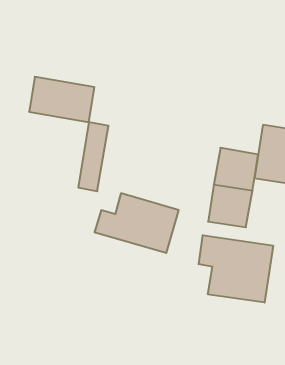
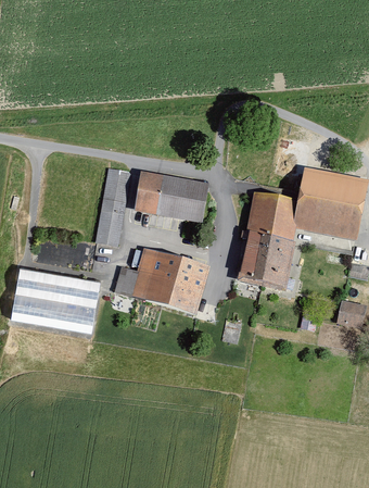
building: [29,77,94,122] -> [135,171,209,223]
building: none -> [11,265,100,330]
building: [199,235,273,303] -> none

